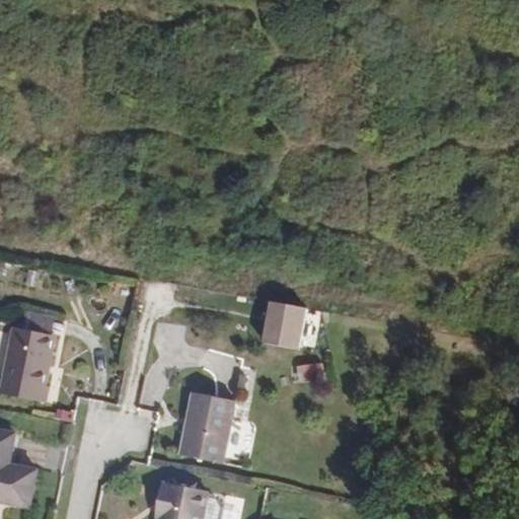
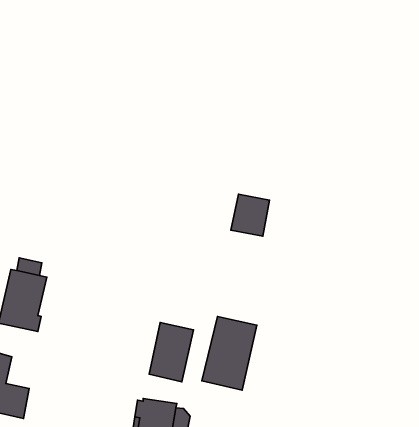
building: [253,300,300,351] -> [231,194,270,236]
building: none -> [202,316,257,390]

